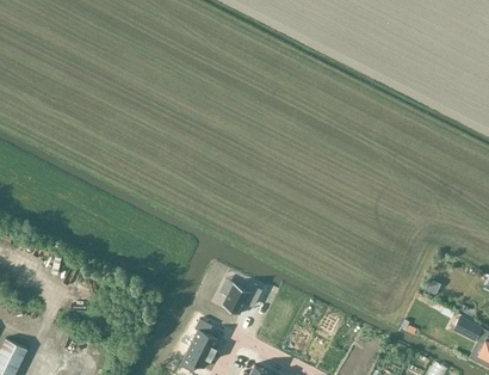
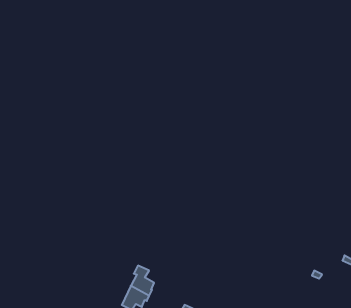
building: [222,284,262,315] -> none

